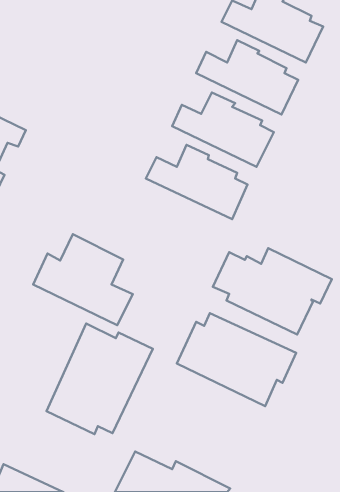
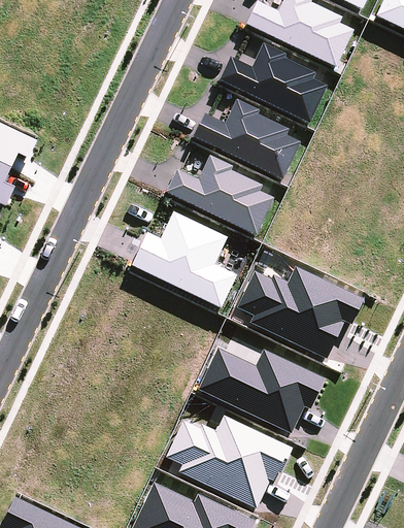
building: [33,234,133,325] -> [131,210,237,307]
building: [47,324,153,434] -> none
building: none -> [165,415,292,507]

